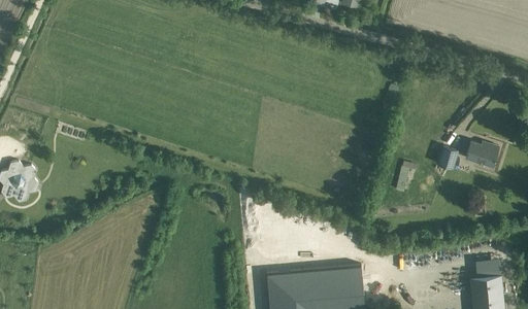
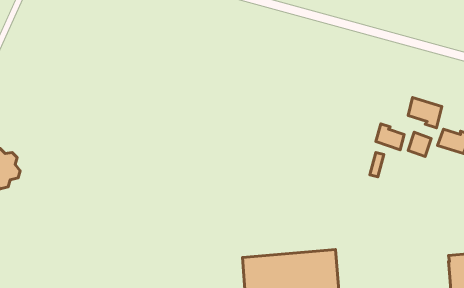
building: none -> [408,98,442,128]
building: none -> [376,124,404,150]

